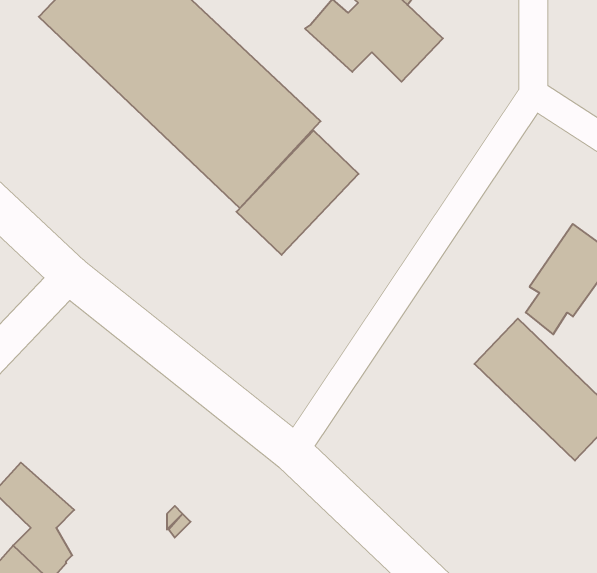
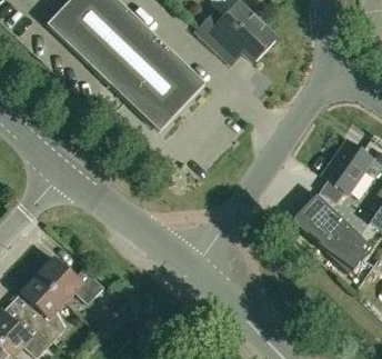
building: [236,131,359,255] -> none
building: none -> [37,256,104,303]

